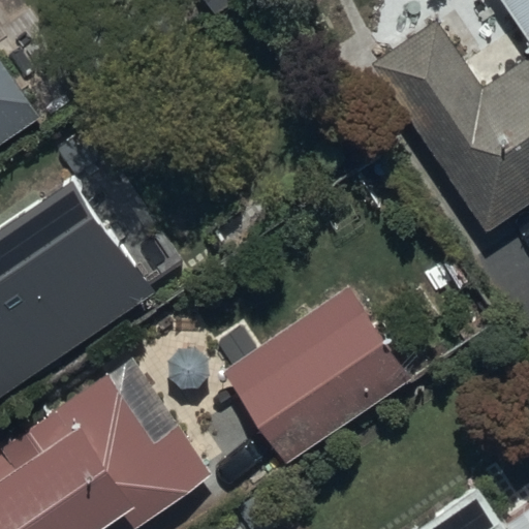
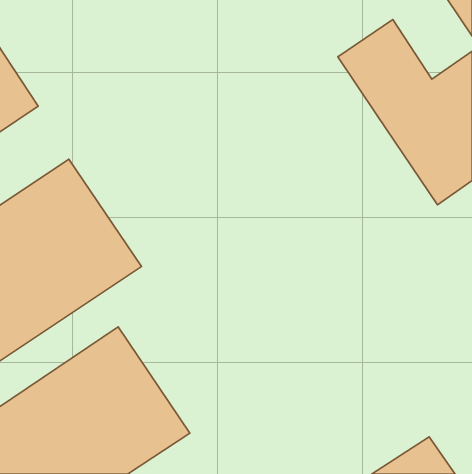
building: [222,286,411,464] -> none

